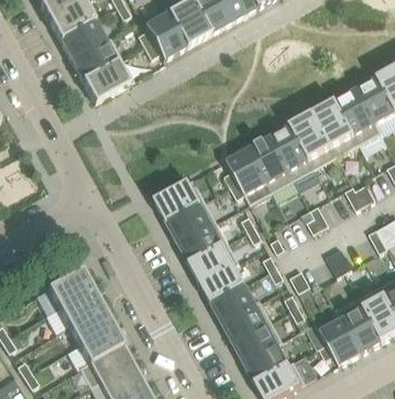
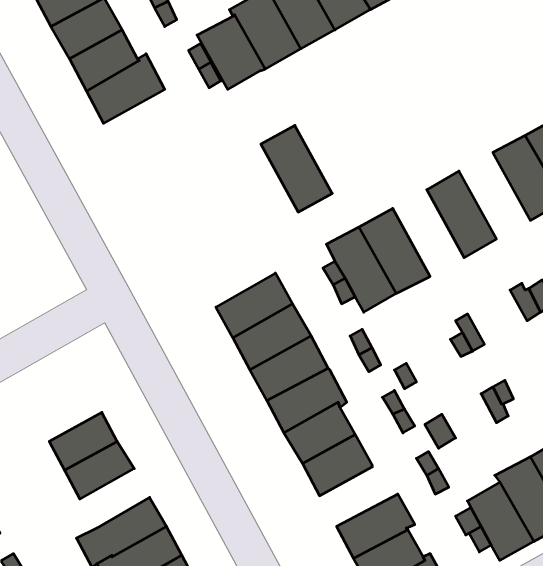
building: [83,60,133,101] -> none
building: [312,100,359,157] -> none
building: [270,125,316,181] -> [261,125,332,212]
building: [222,300,273,343] -> none
building: [67,305,112,344] -> none

